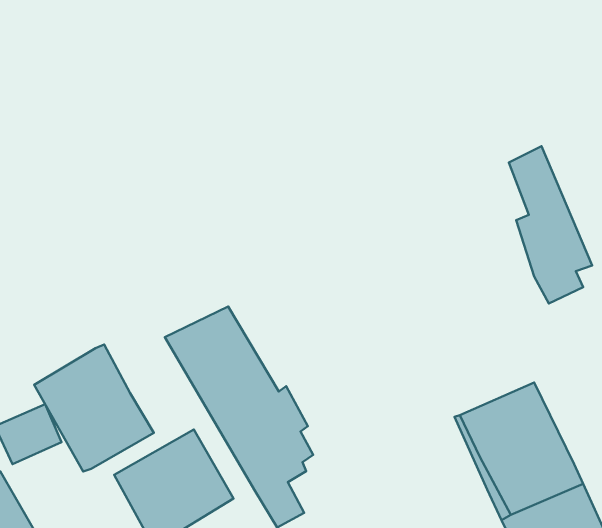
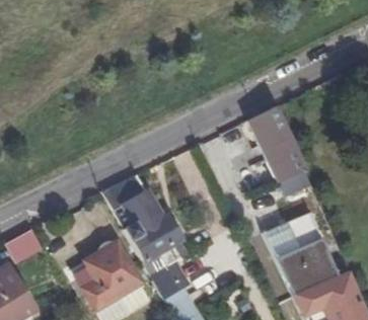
building: [509,146,592,304] -> [261,105,307,193]
building: [34,344,154,471] -> none

